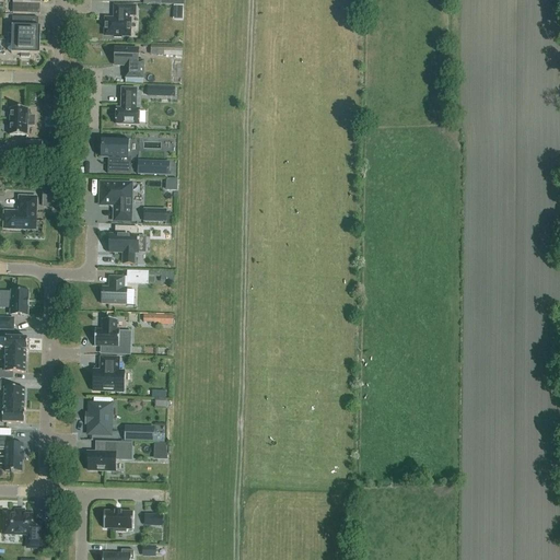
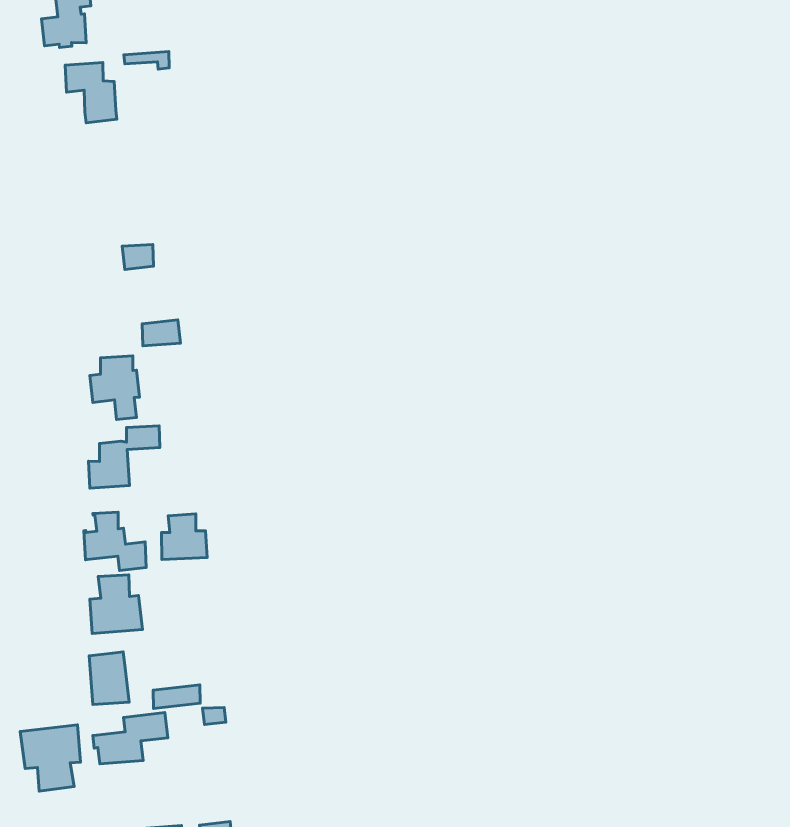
building: [116,86,139,124] -> none
building: [101,135,130,172] -> none
building: [101,182,131,219] -> none
building: none -> [162,514,207,559]
building: none -> [20,725,80,791]

